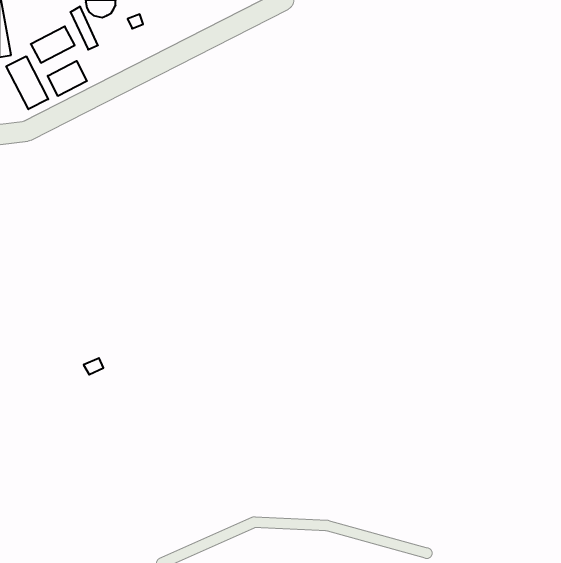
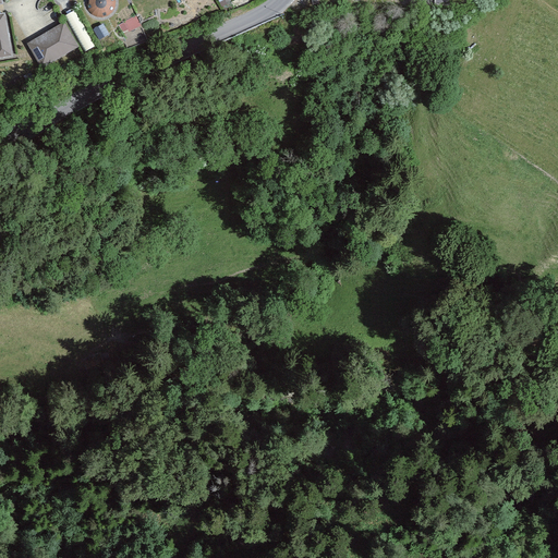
building: [6,56,48,109] -> none
building: [48,61,87,96] -> none

